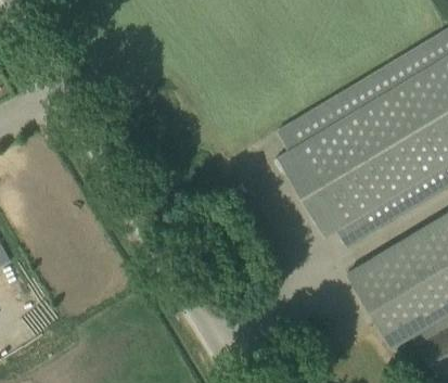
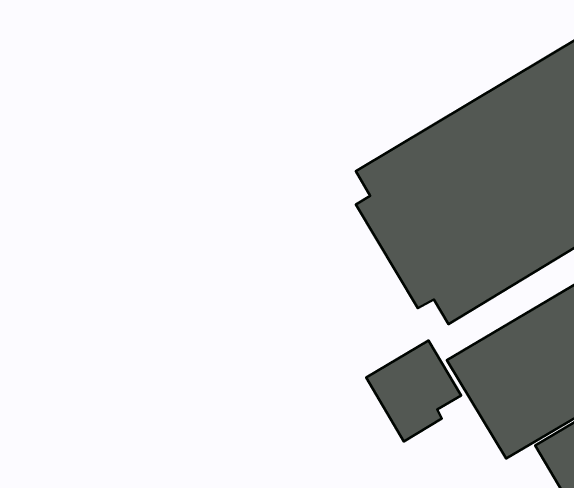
building: none -> [366,341,461,441]

